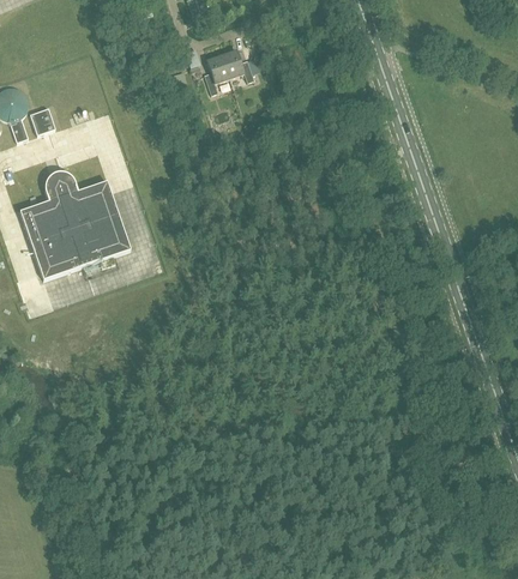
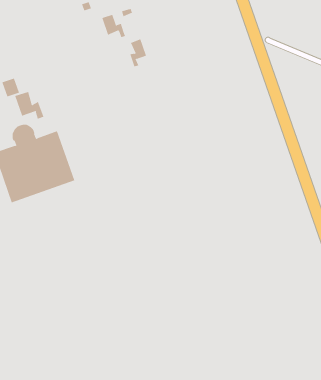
building: [221,49,254,82] -> [101,14,126,38]
building: none -> [15,91,44,119]

